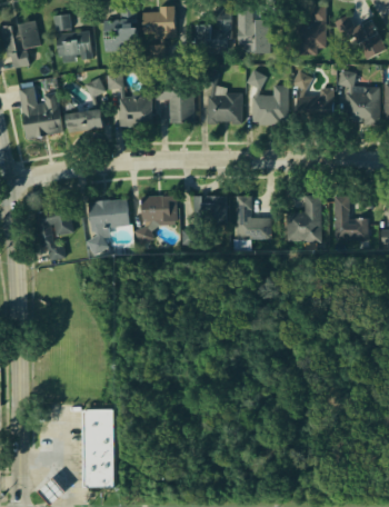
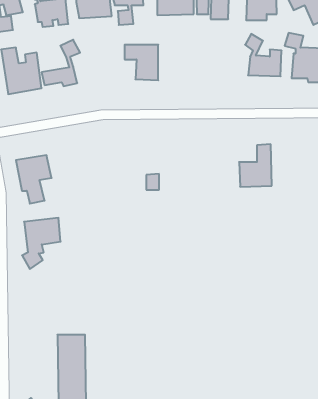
building: [246,68,289,125] -> none
building: [200,69,242,123] -> none
building: [107,73,152,127] -> none
building: [132,195,177,246] -> none
building: [189,195,227,225] -> none
building: [236,196,271,239] -> none
building: [332,197,367,240] -> none
building: [84,198,128,256] -> [22,218,61,269]

